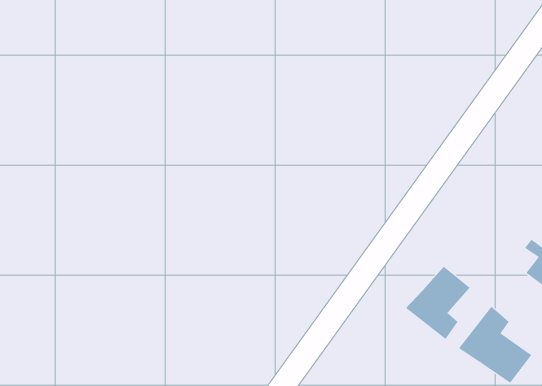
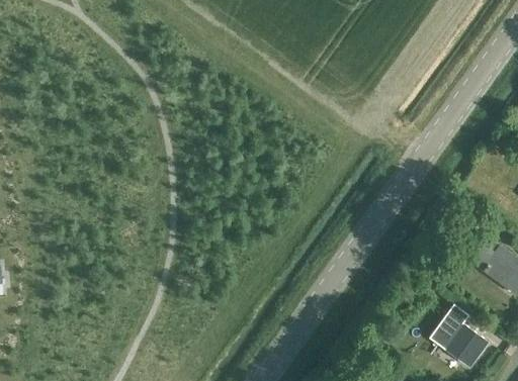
building: [405,266,470,340] -> none

